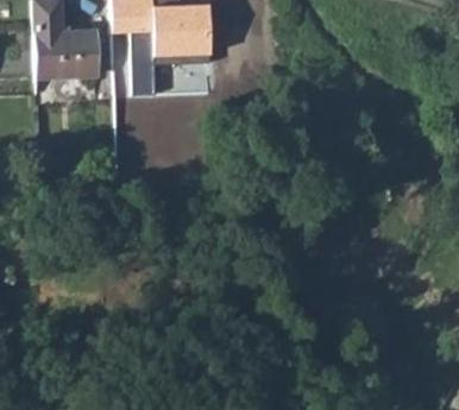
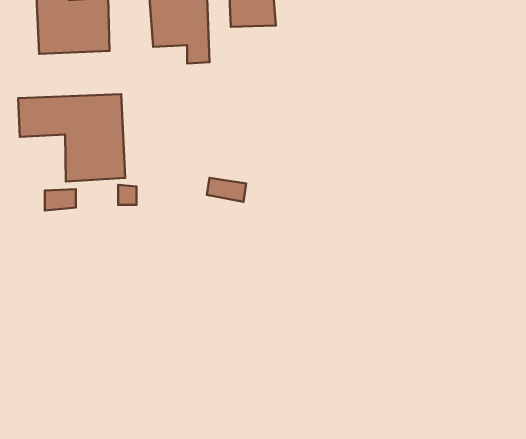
building: none -> [18,94,125,182]

